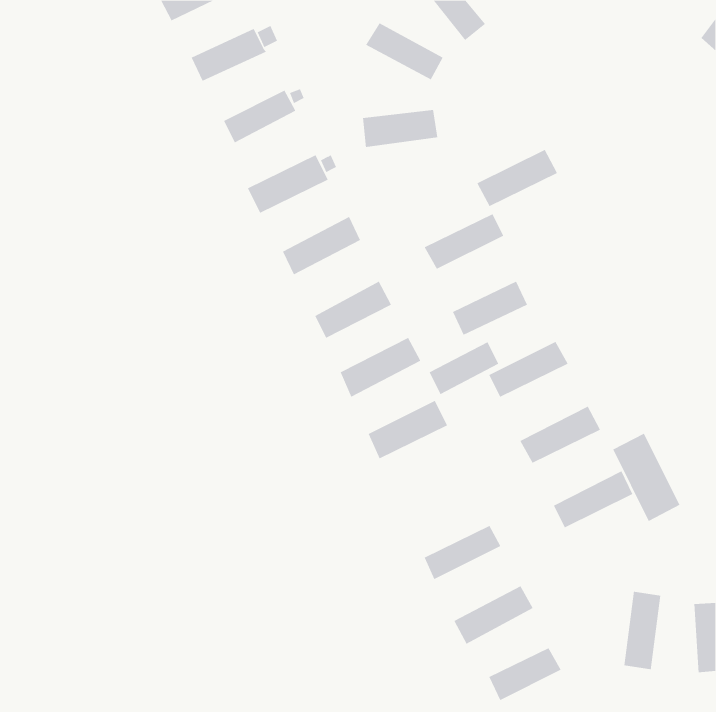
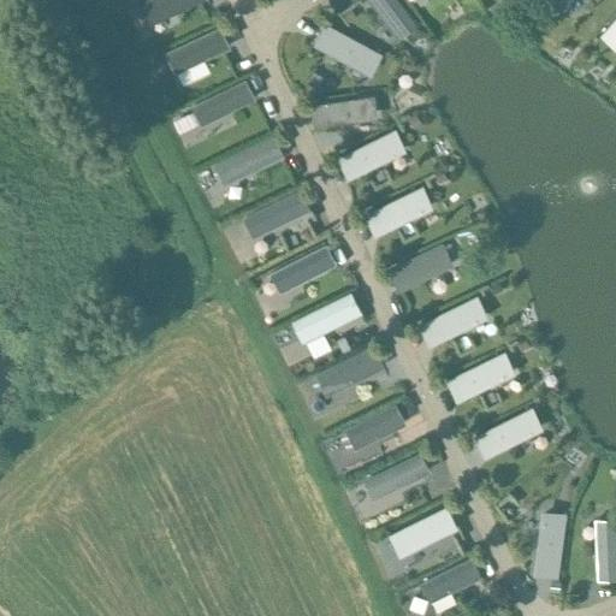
building: [476,149,558,207] -> [336,130,405,179]
building: [429,341,499,395] -> [344,404,404,450]
building: [612,433,680,522] -> none

